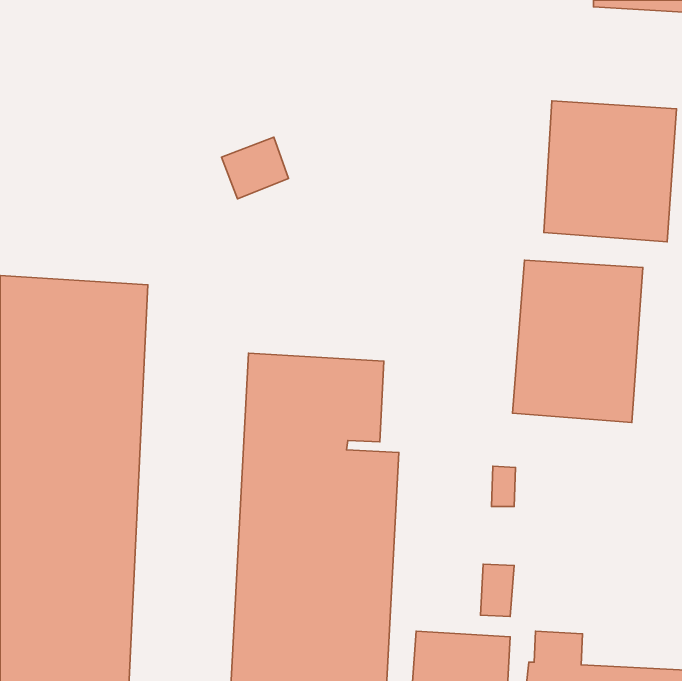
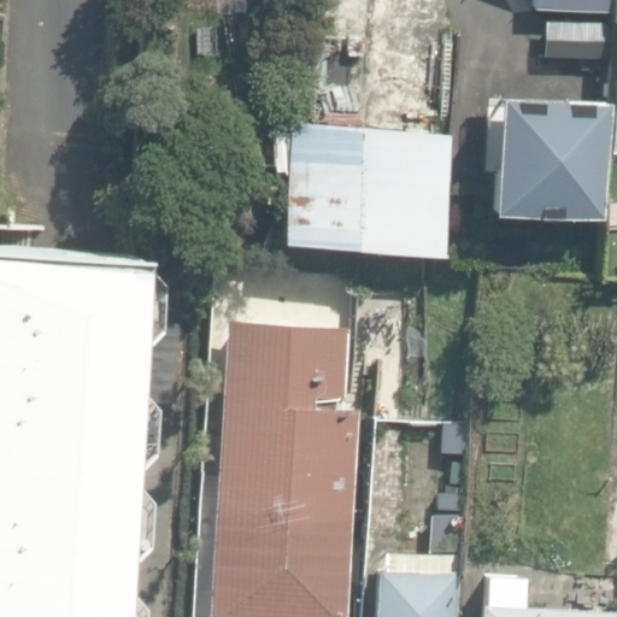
building: none -> [281,124,456,258]
building: [512,260,643,423] -> none

